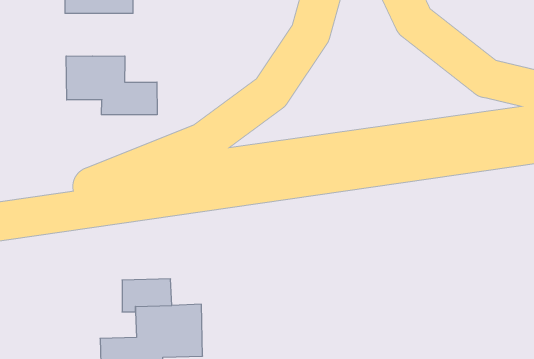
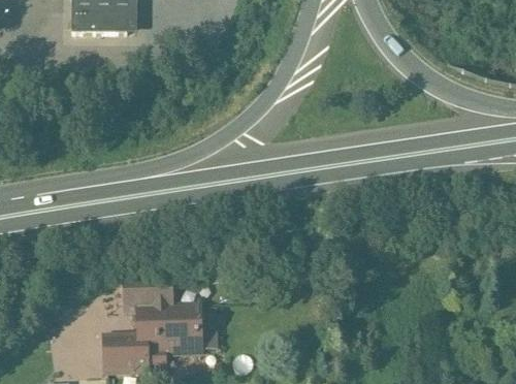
building: [66,56,157,115] -> none

